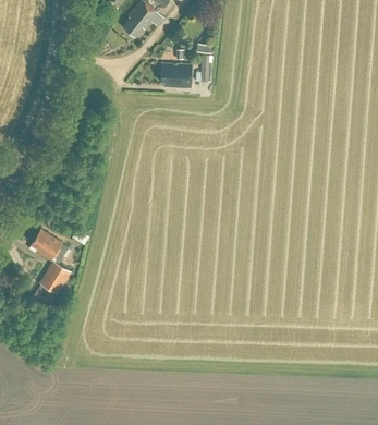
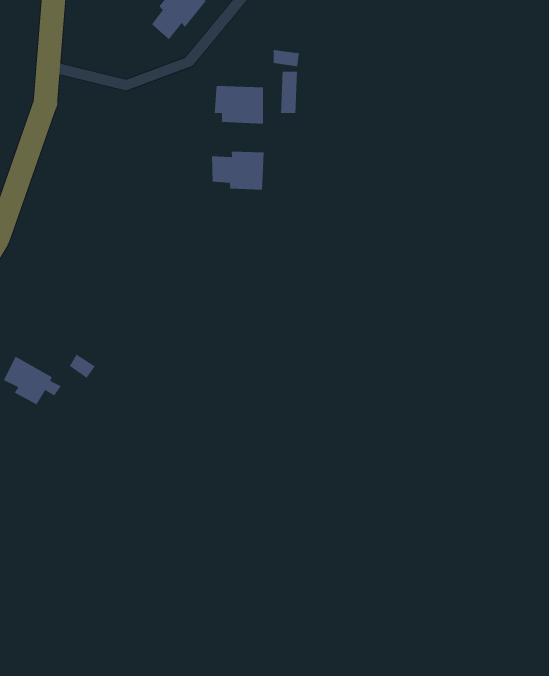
building: none -> [211,151,264,190]
building: [38,259,71,293] -> none

